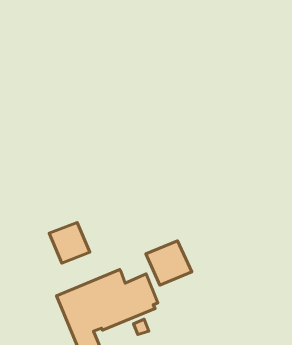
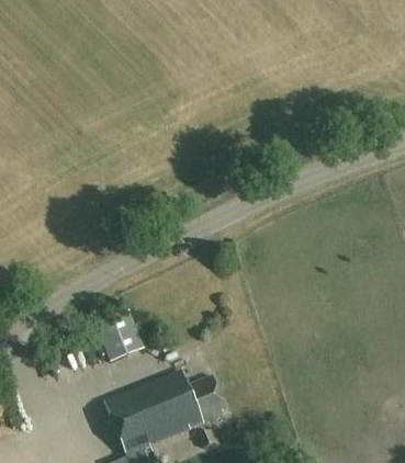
building: [146,241,192,285] -> none

